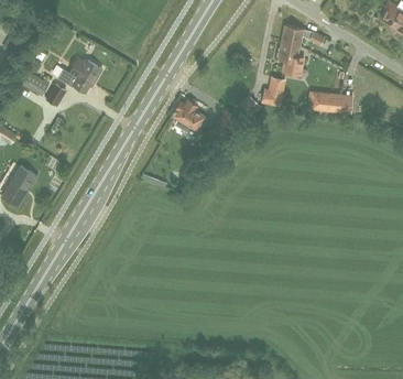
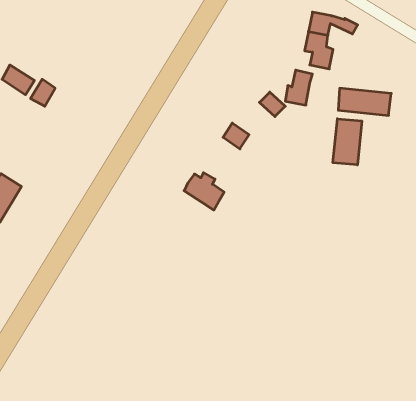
building: [57,61,101,93] -> none
building: [171,99,205,131] -> [184,173,224,210]
building: none -> [333,119,362,165]

